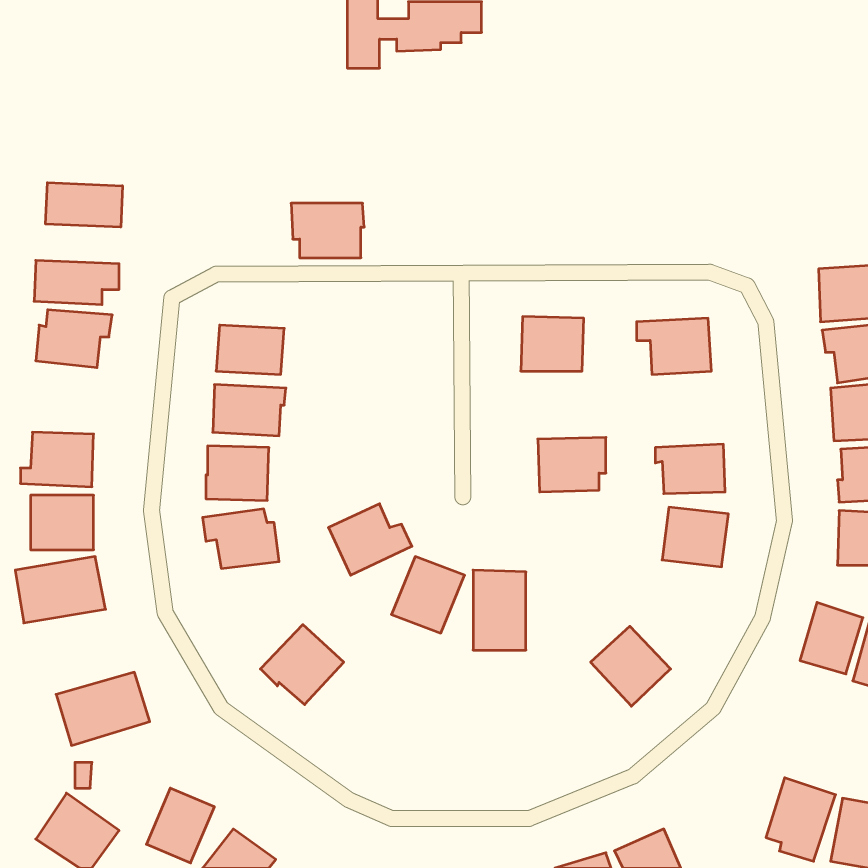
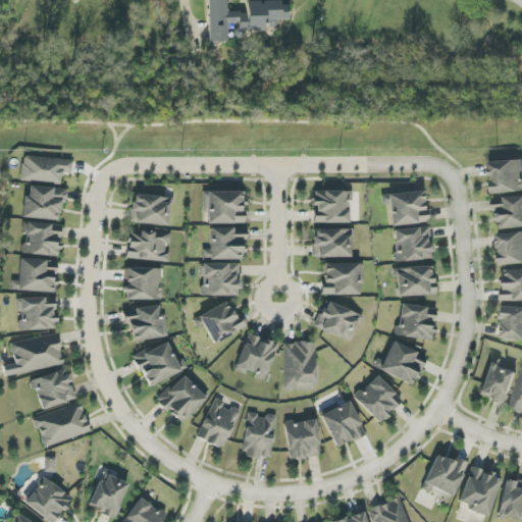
building: [46,183,122,227] -> none
building: [291,203,364,258] -> [203,191,247,223]
building: none -> [22,221,62,256]
building: none -> [395,226,433,261]
building: none -> [203,227,247,259]
building: none -> [313,228,353,257]
building: none -> [200,263,240,296]
building: none -> [316,302,361,340]
building: none -> [134,340,182,386]
building: none -> [374,341,426,384]
building: none -> [32,368,76,410]
building: none -> [198,398,242,449]
building: none -> [320,398,366,448]
building: none -> [244,413,277,458]
building: none -> [284,418,322,460]
building: none -> [421,454,469,495]

